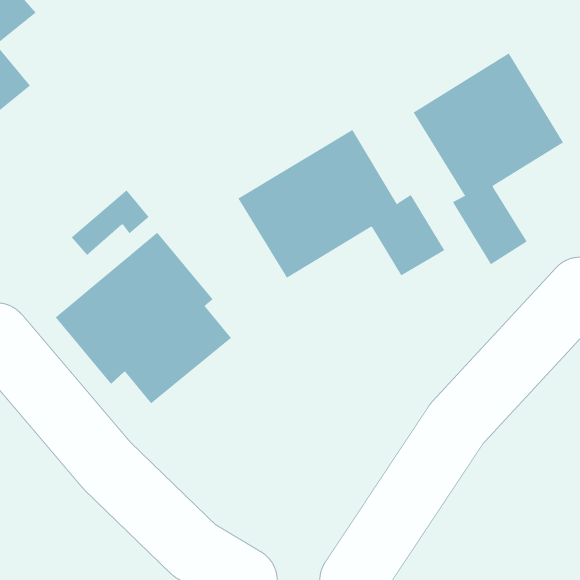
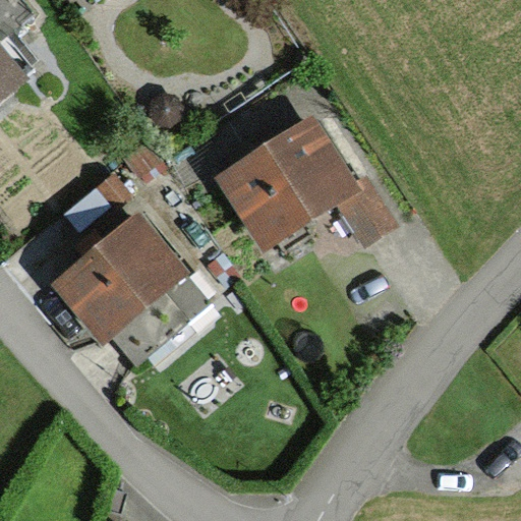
building: [413,52,564,265] -> none

